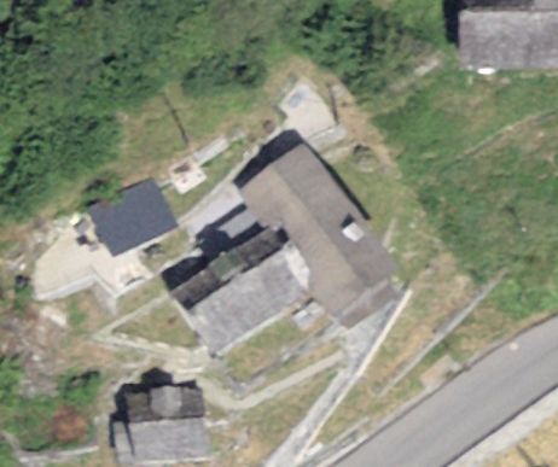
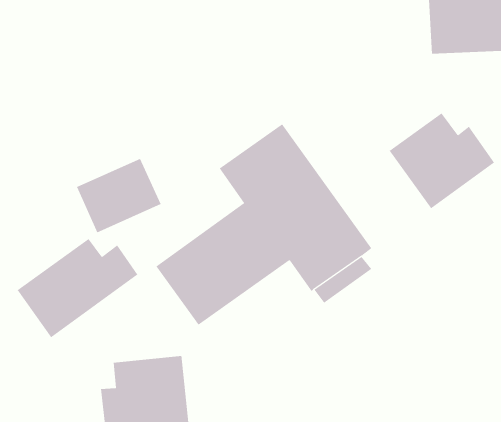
building: none -> [389,112,495,209]
building: none -> [17,238,138,338]

